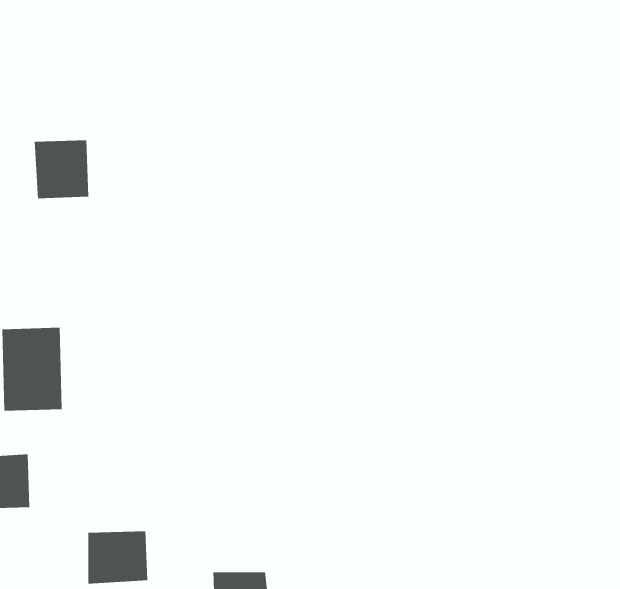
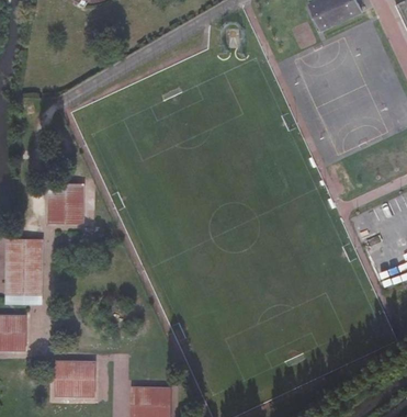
building: [34,140,89,199] -> [47,189,81,225]

